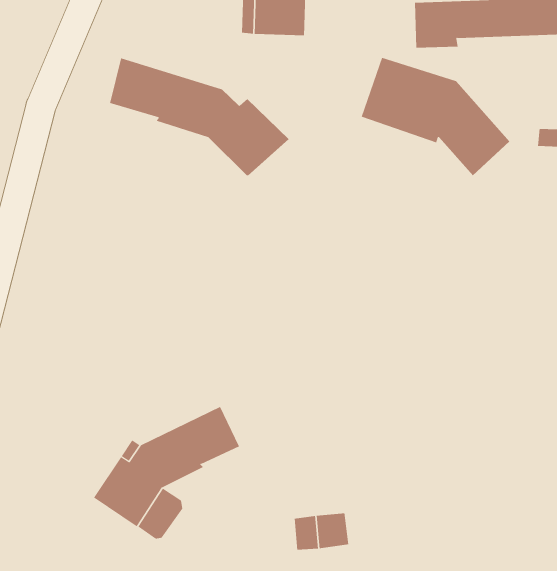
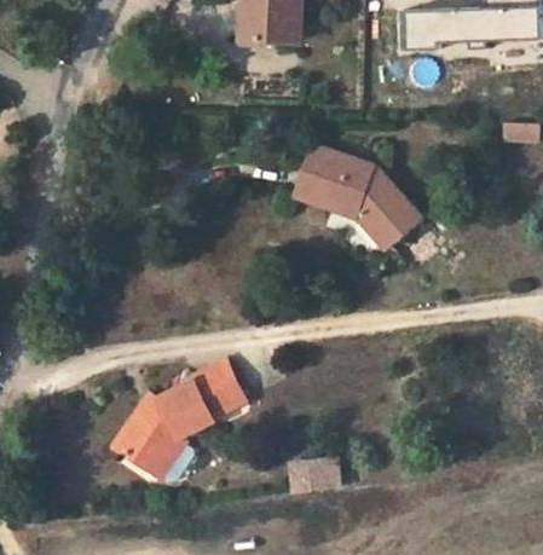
building: [361,57,510,176] -> [290,143,421,247]
building: [109,58,289,176] -> none

